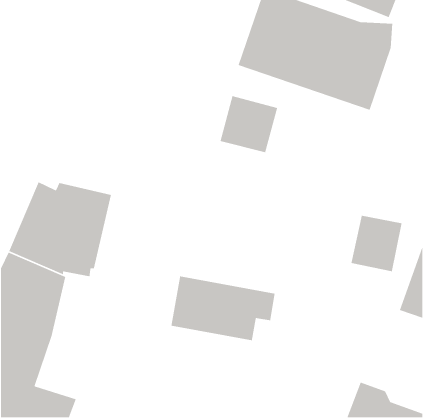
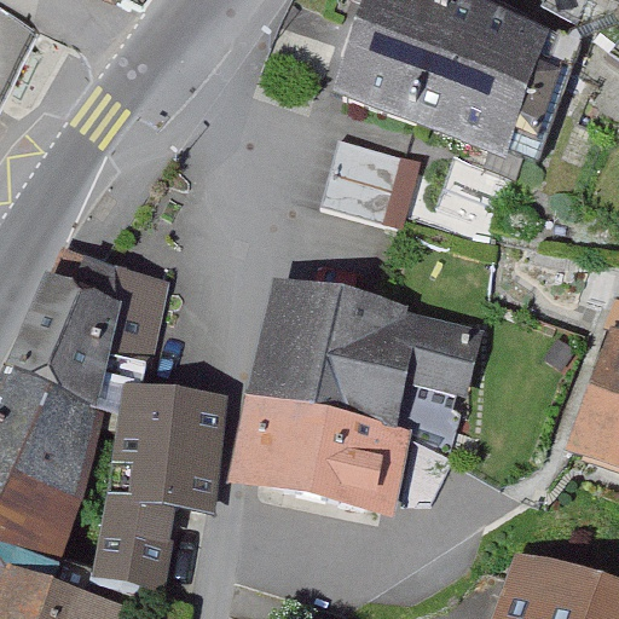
building: none -> [262,278,474,441]
building: [351,215,402,272] -> none
building: none -> [99,393,220,580]

